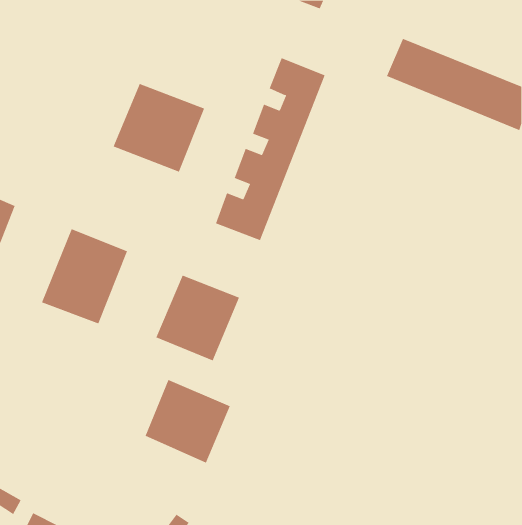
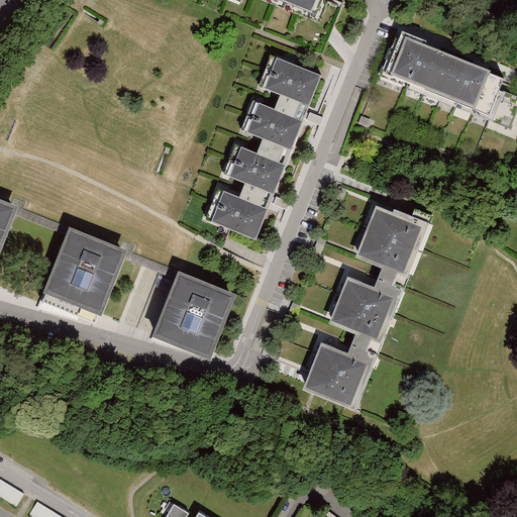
building: [113,83,205,173] -> none
building: none -> [303,203,428,408]
building: [145,379,230,463] -> none

